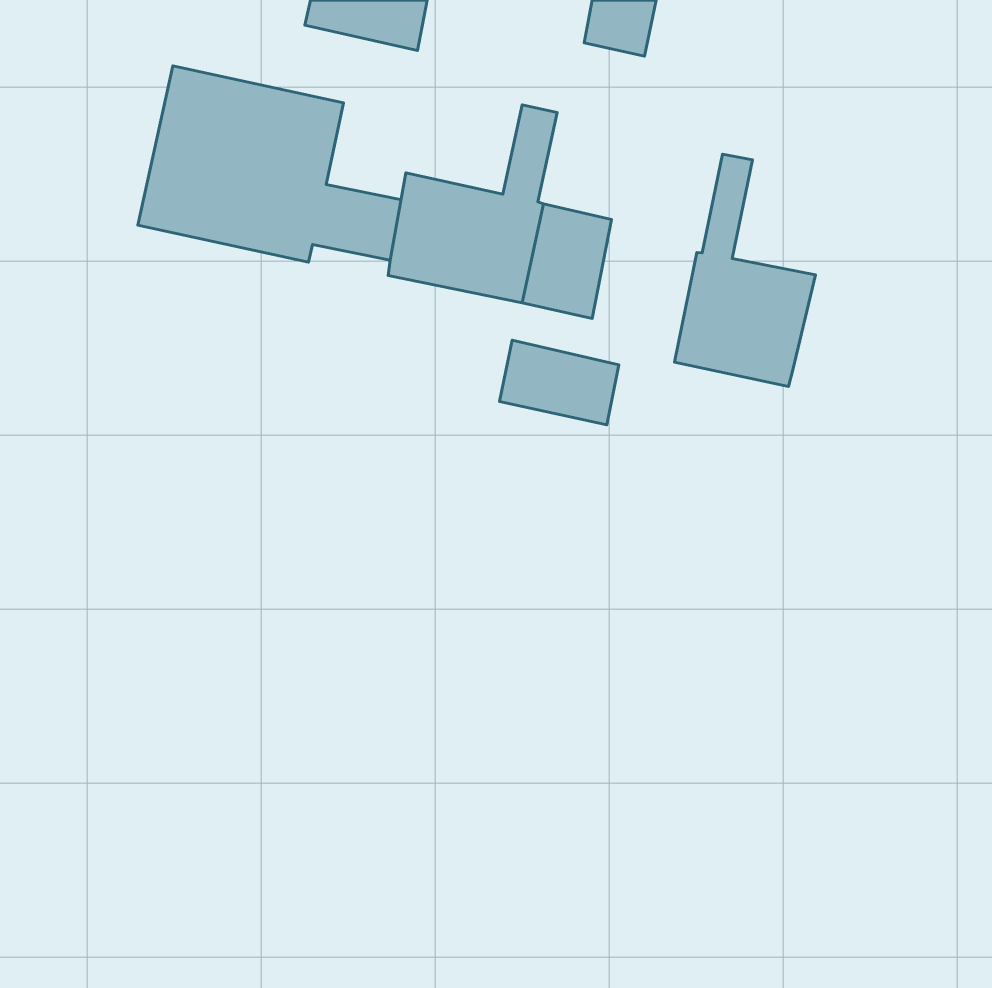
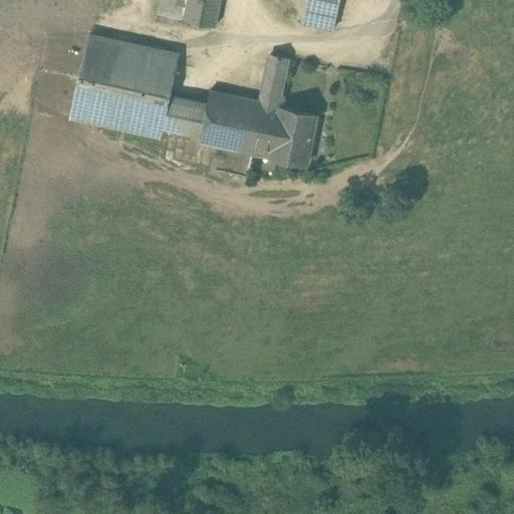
building: [674,154,815,387] -> none
building: [499,340,619,425] -> none

